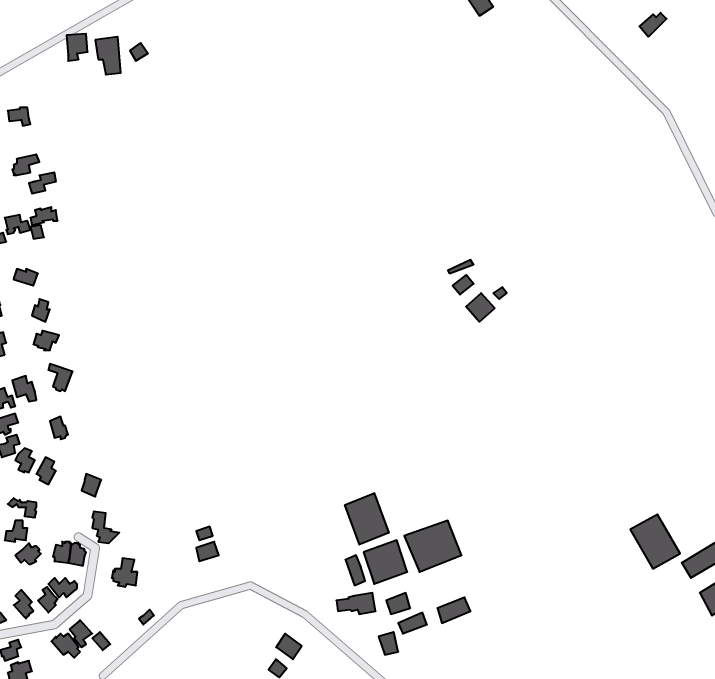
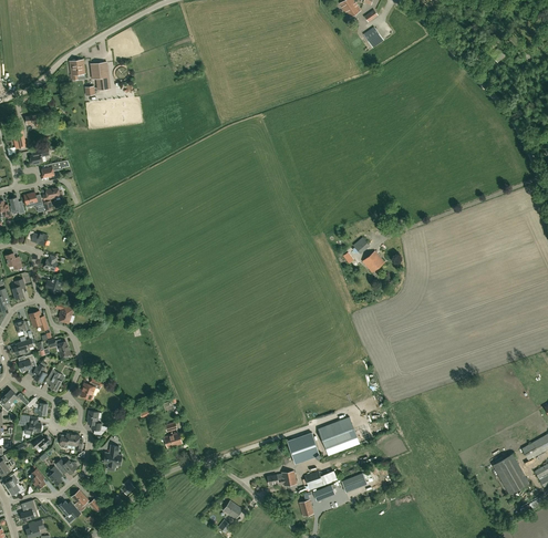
building: [345,493,389,545] -> none
building: [630,514,680,569] -> [493,454,529,494]

